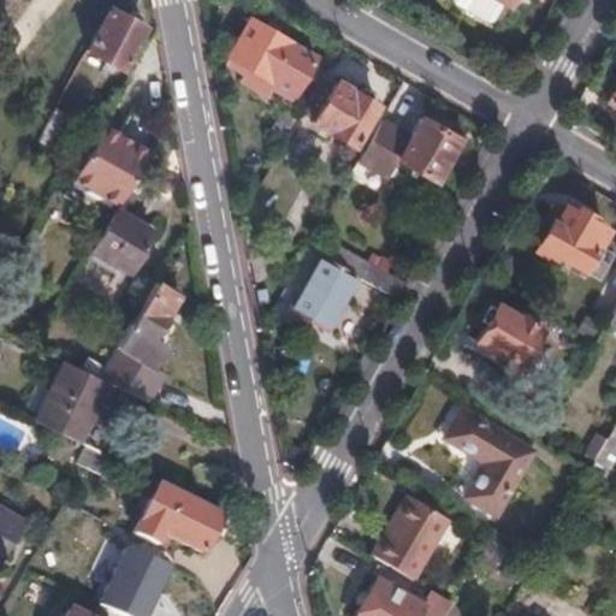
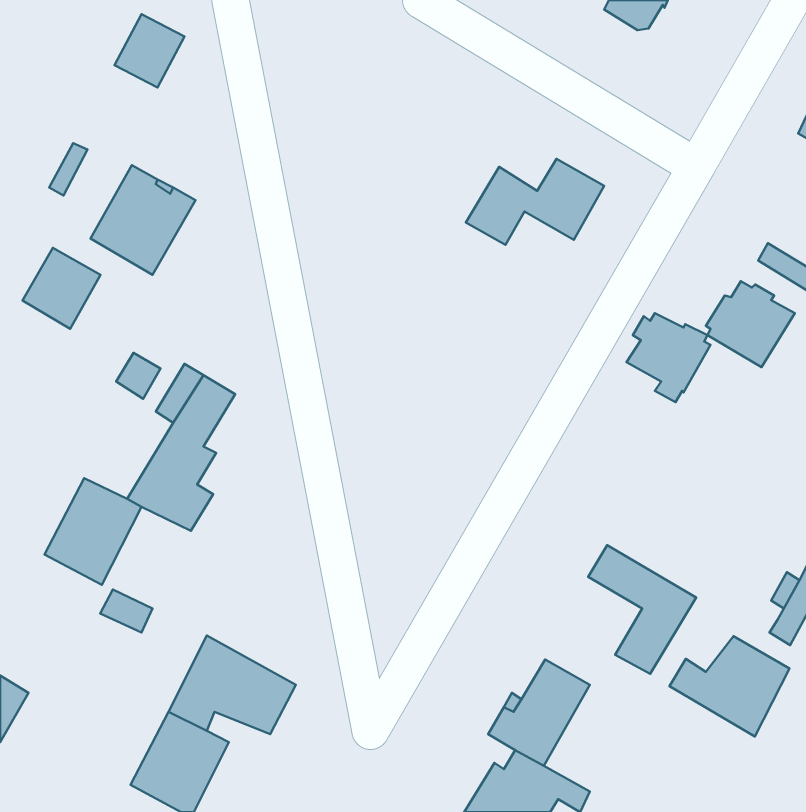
building: [233,19,320,107] -> none
building: [304,78,380,147] -> none
building: [96,211,155,272] -> [23,248,100,329]
building: [297,243,409,327] -> none
building: [478,307,541,374] -> [626,313,711,402]
building: none -> [669,636,789,737]

